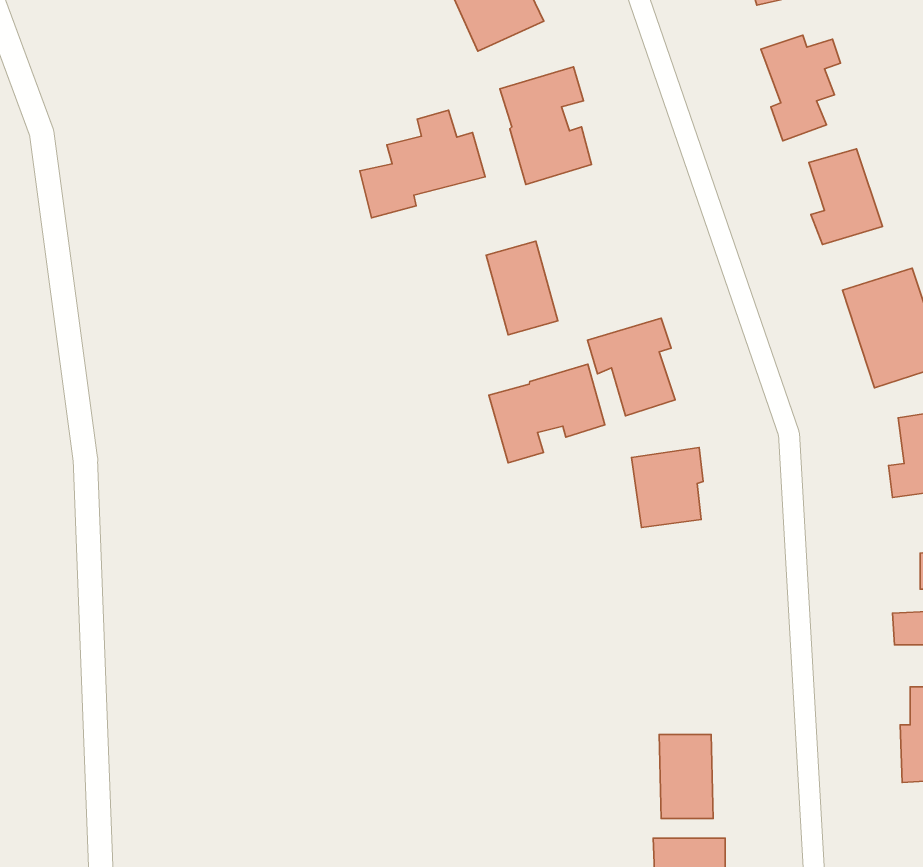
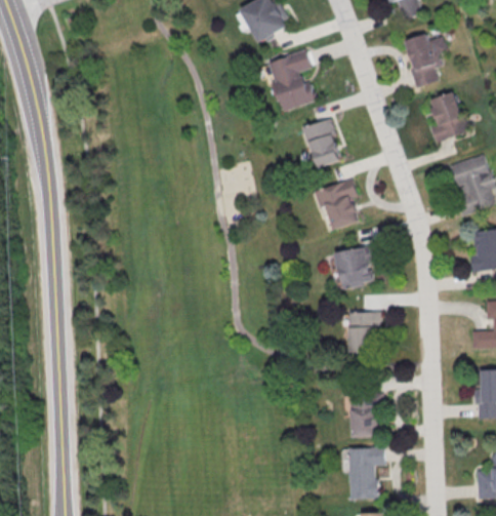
building: [360,110,485,218] -> none
building: [486,241,558,335] -> [305,119,342,167]
building: [489,364,605,463] -> none
building: none -> [349,312,379,352]

